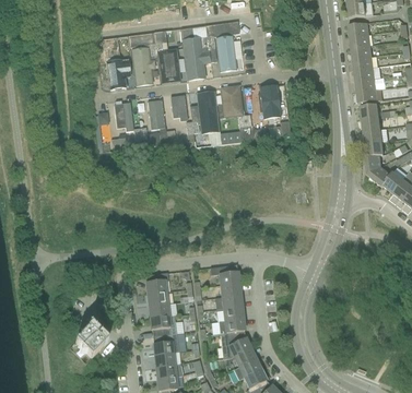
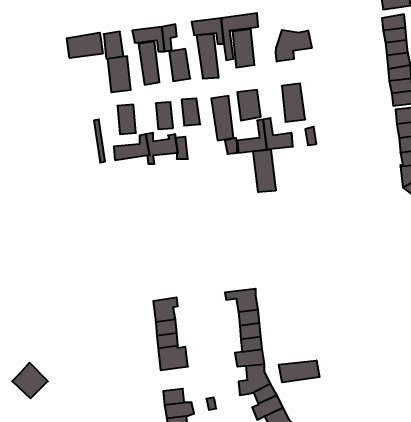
building: none -> [276,30,312,62]
building: none -> [67,33,103,58]
building: none -> [253,150,276,192]
building: [75,325,107,357] -> [12,363,48,398]
building: none -> [279,360,319,382]
building: [153,333,179,355] -> none

